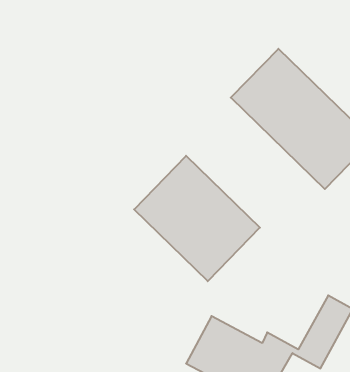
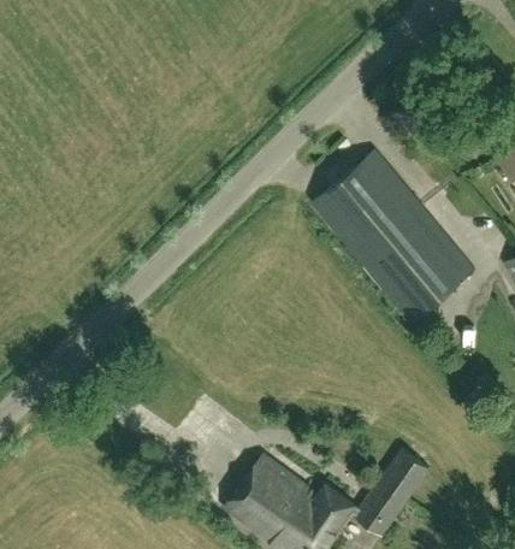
building: [134,156,260,281] -> none

